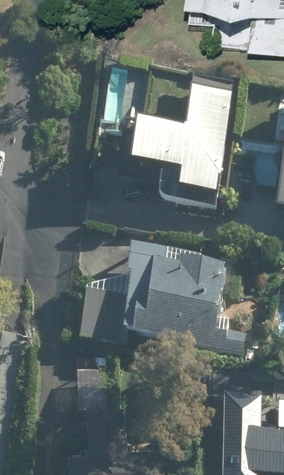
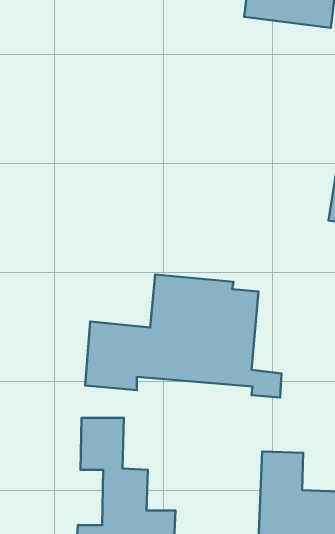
building: [140,76,232,194] -> none

